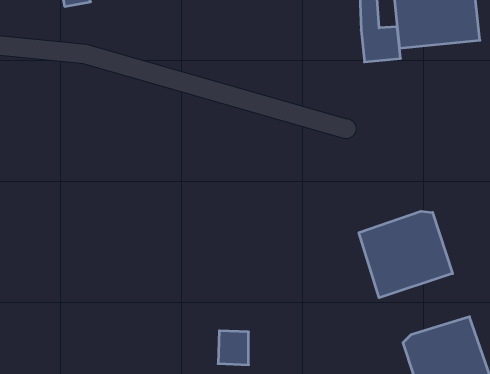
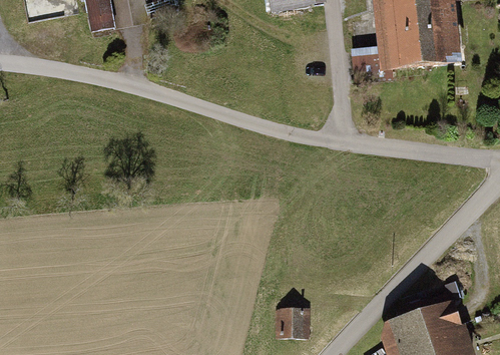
building: [359,211,453,298] -> none
building: [218,331,249,365] -> [278,307,305,337]

